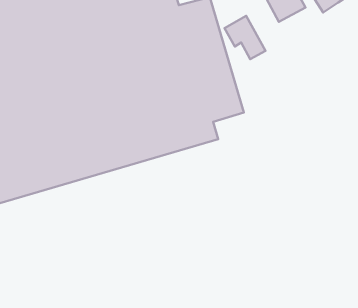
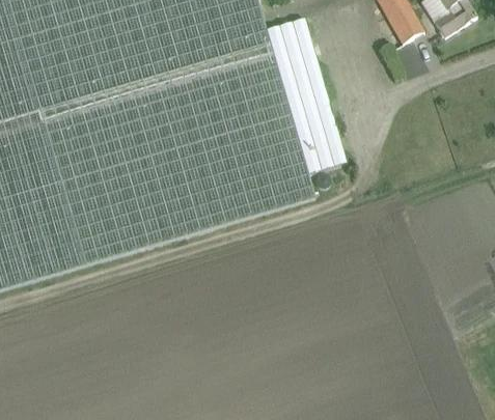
building: [224,16,265,59] -> none

